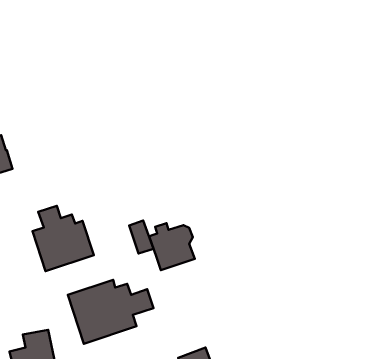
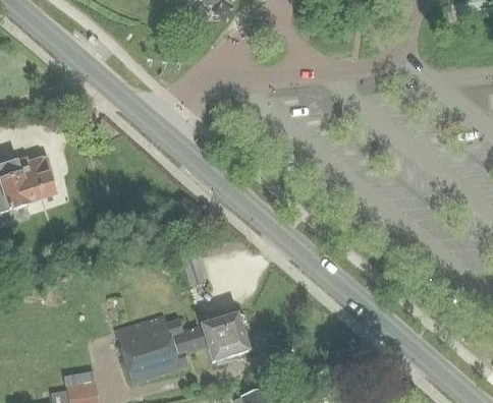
building: [33,206,94,271] -> none
building: [150,223,195,270] -> [201,310,250,361]

